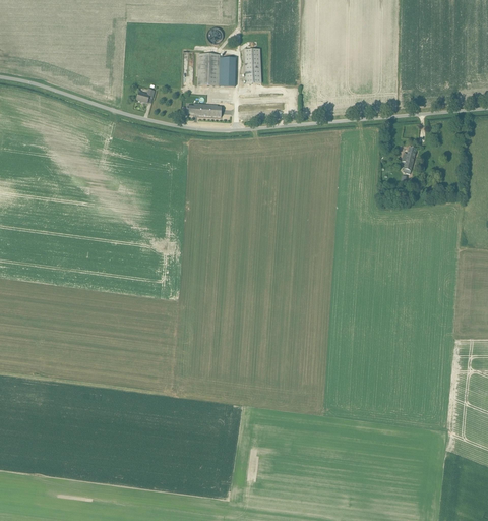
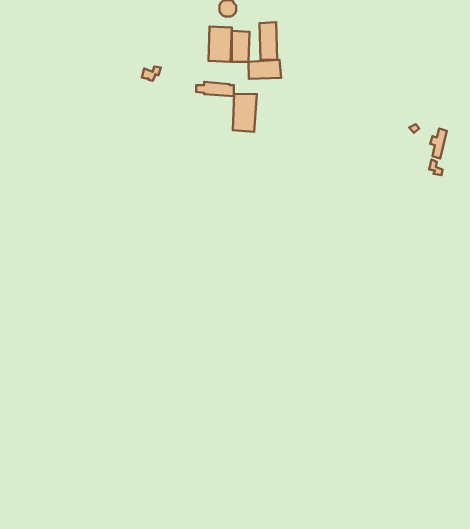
building: none -> [248,60,281,79]
building: none -> [233,94,257,132]

